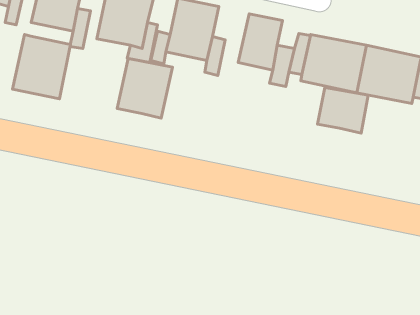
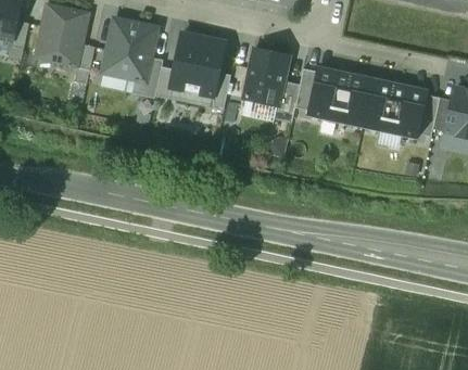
building: [13,35,70,99] -> none
building: [117,58,173,118] -> none
building: [317,88,368,133] -> none

